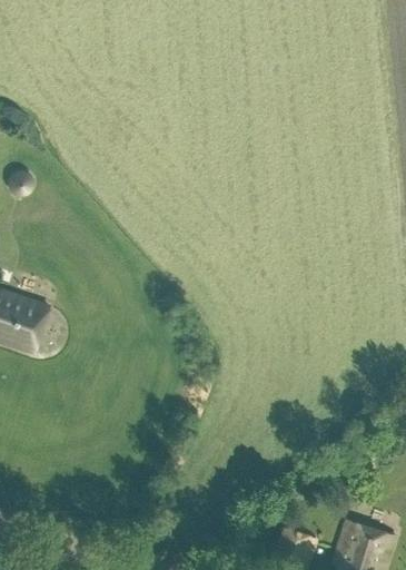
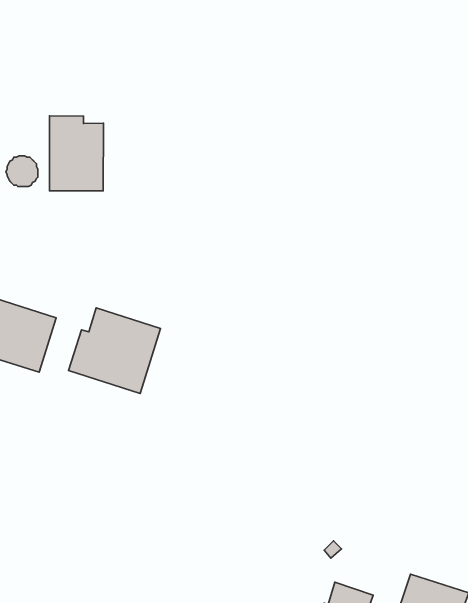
building: none -> [49,116,103,191]
building: none -> [68,308,161,393]

